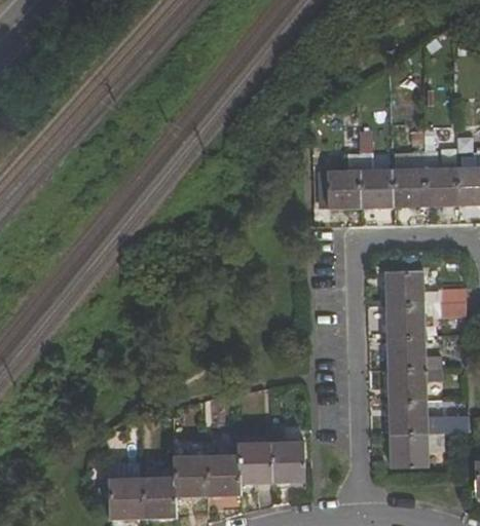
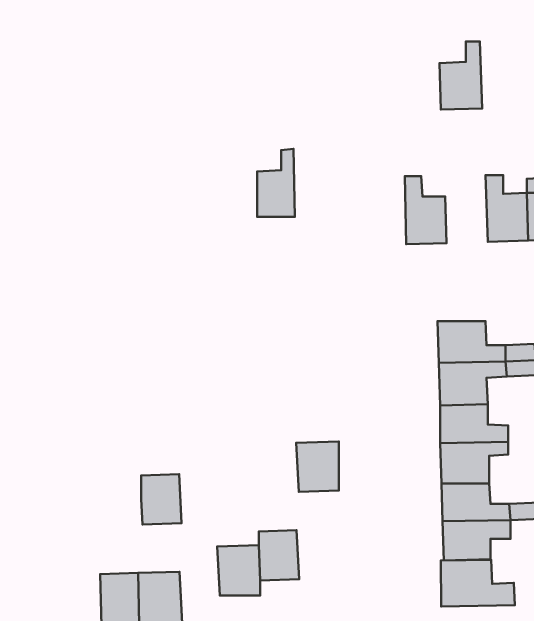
building: [391,152,426,208] -> [439,42,482,110]
building: [328,153,359,209] -> [257,149,295,217]
building: [269,441,304,482] -> [296,441,339,492]
building: [174,455,207,496] -> [141,474,182,524]
building: none -> [441,560,515,606]

